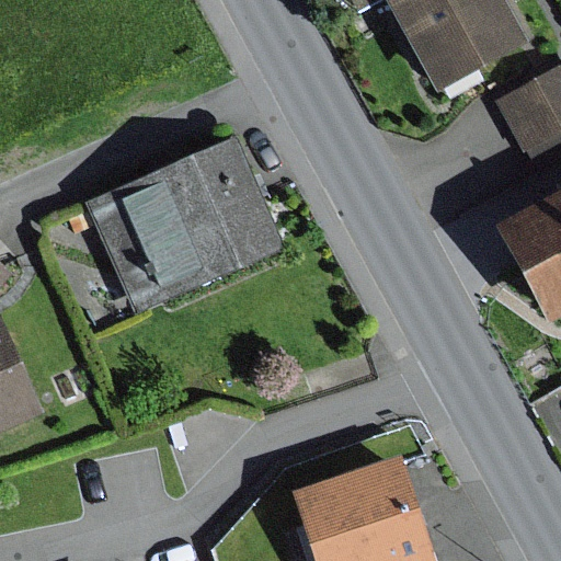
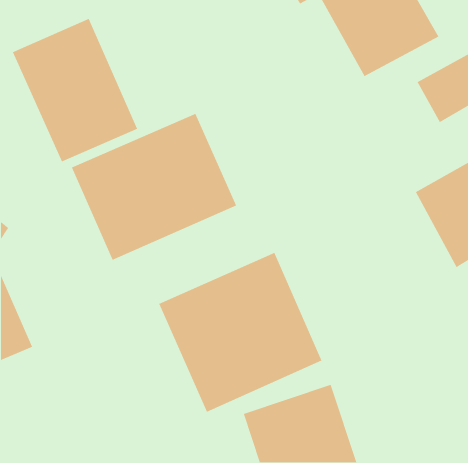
building: none -> [12,18,138,162]
building: none -> [158,252,323,413]

